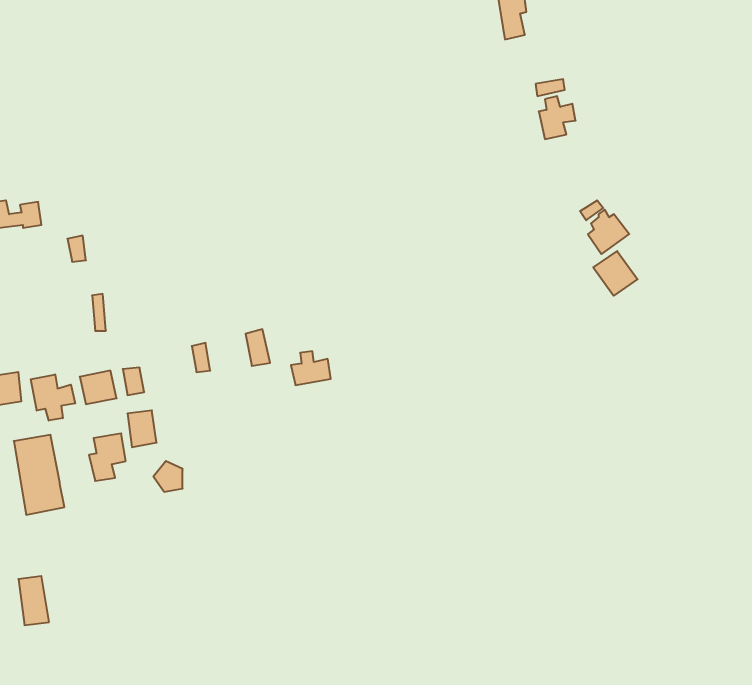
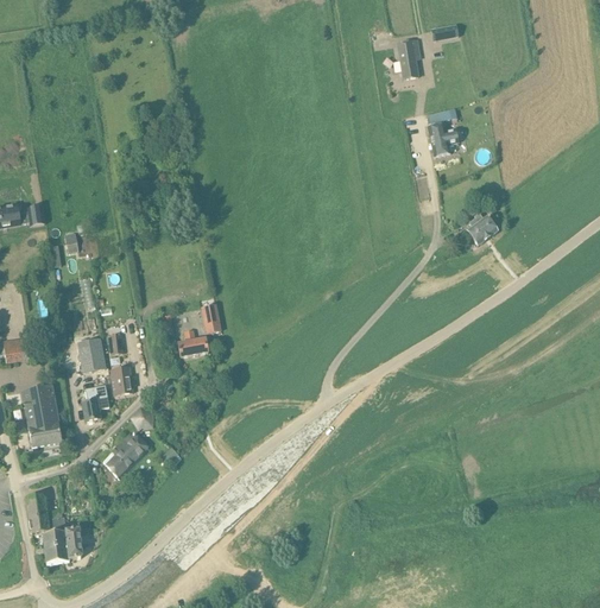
building: [593,251,638,296] -> none
building: [291,351,331,385] -> [177,331,208,357]
building: [31,374,75,421] -> none
building: none -> [102,433,149,479]
building: none -> [43,517,82,563]

